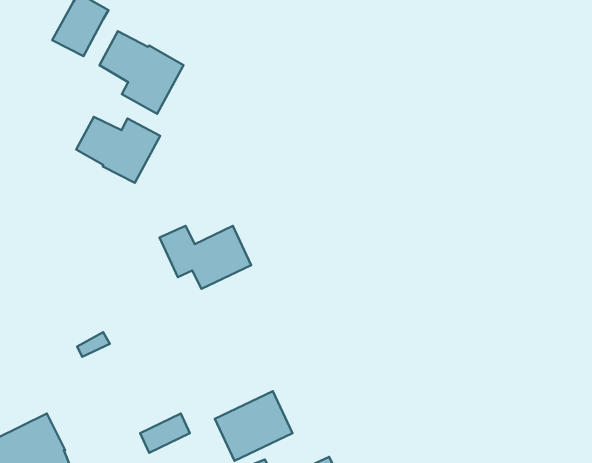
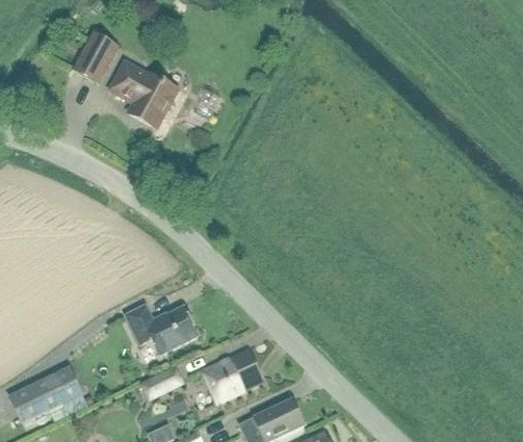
building: [76,117,160,183] -> none
building: [159,226,251,289] -> [126,304,199,354]

